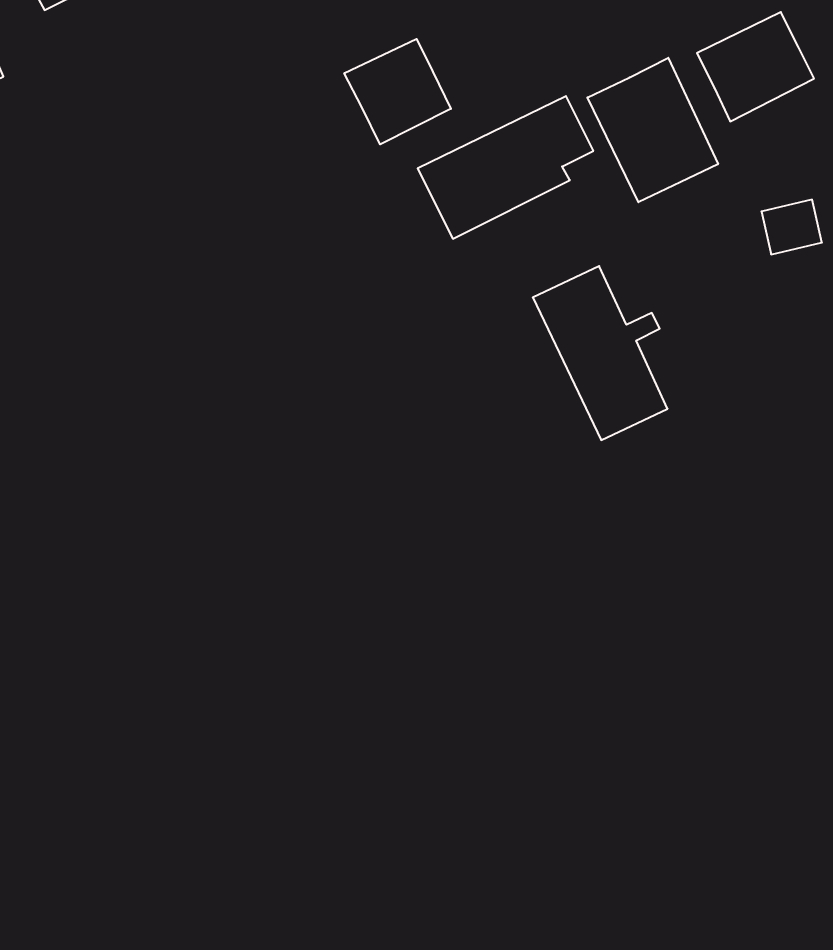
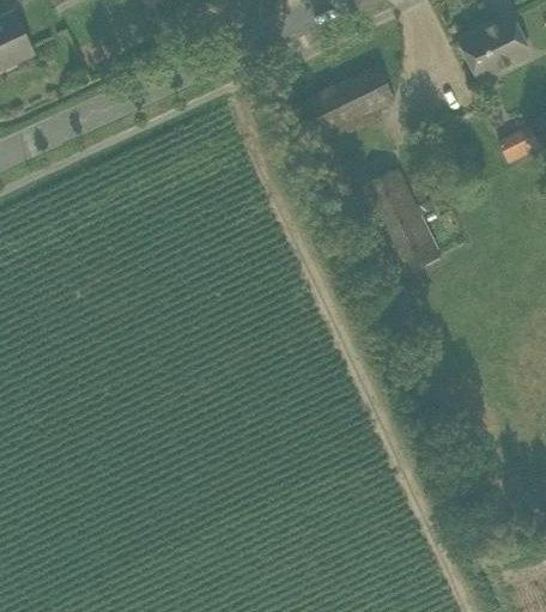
building: [344,39,451,144] -> none
building: [587,58,718,202] -> none

